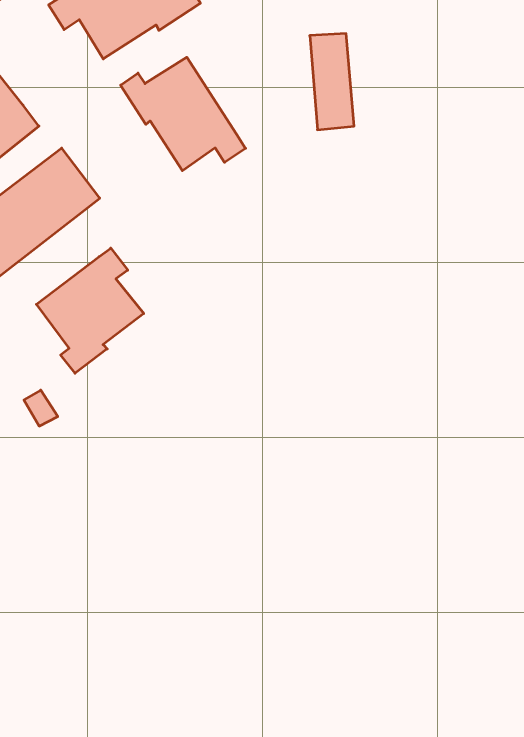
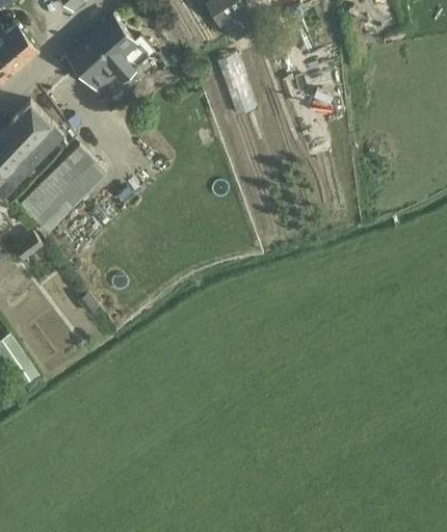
building: [121,57,246,171] -> none
building: [36,248,144,373] -> none

